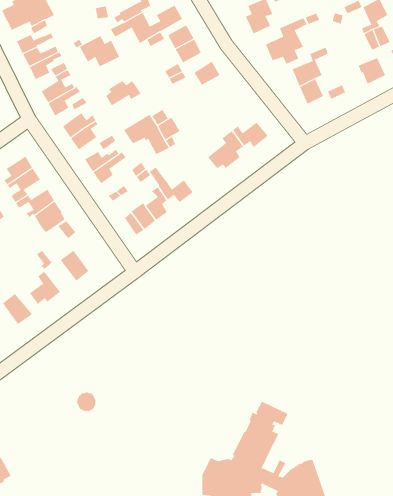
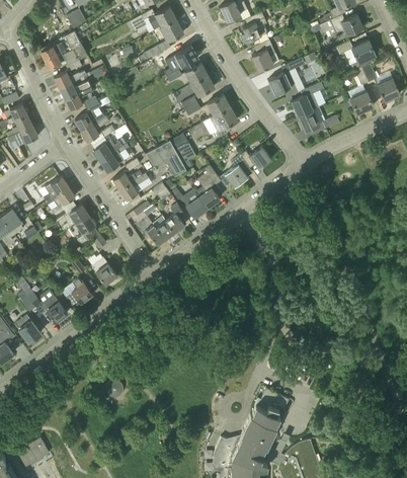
building: [79,35,120,67] -> none
building: none -> [214,106,237,137]
building: [106,80,141,106] -> none
building: none -> [196,165,221,208]

